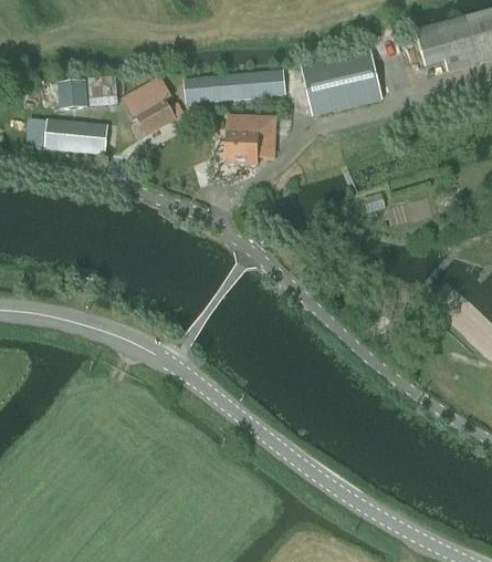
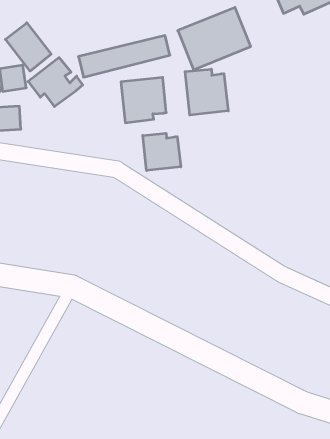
building: none -> [5,23,51,71]
building: none -> [185,69,228,115]
building: none -> [143,133,181,171]

